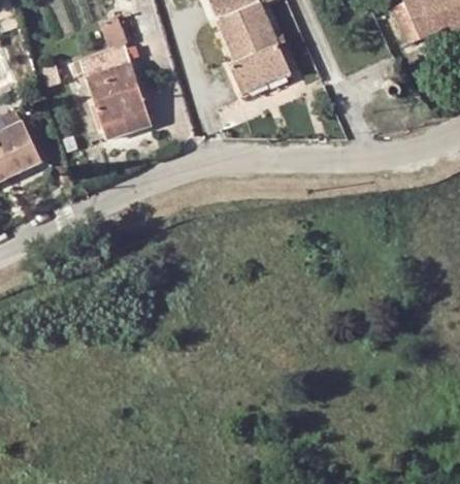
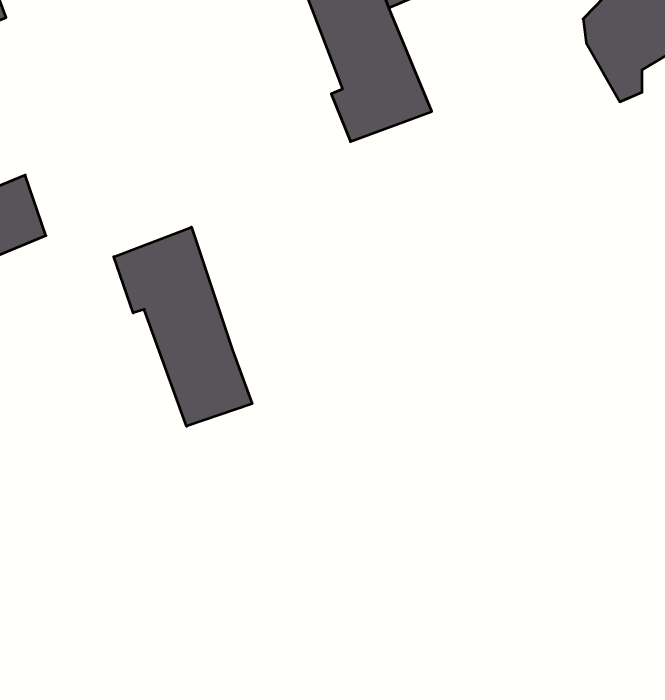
building: [78,23,152,140] -> none
building: none -> [114,227,252,426]

